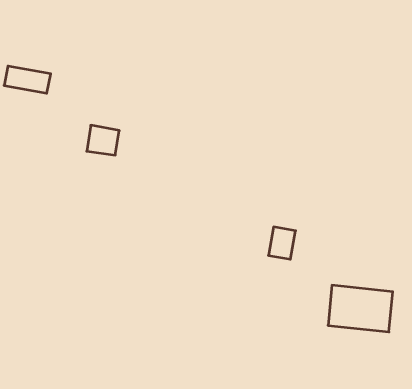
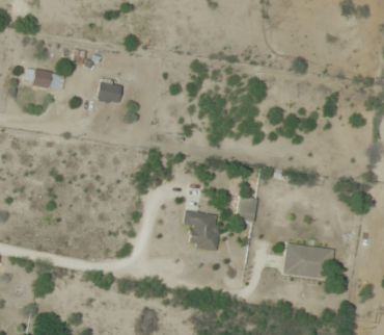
building: [87,125,119,155] -> [94,78,120,102]
building: none -> [182,210,219,250]

